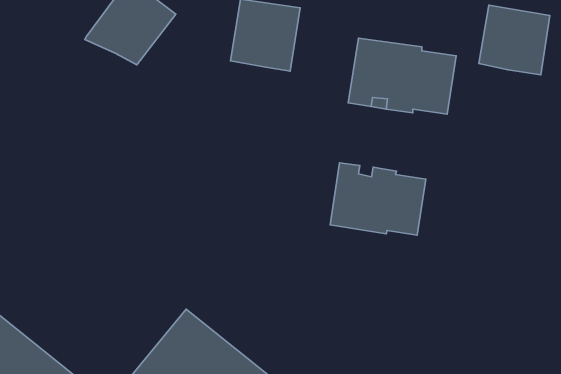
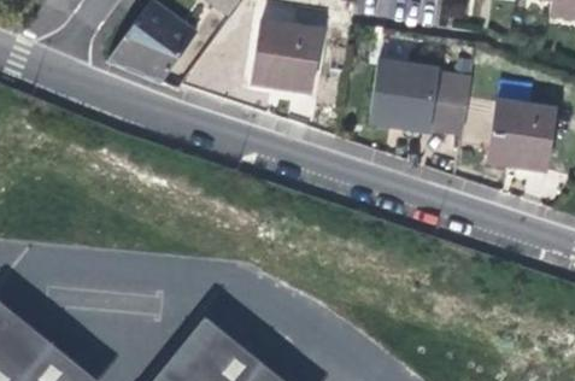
building: [479,5,550,75] -> [483,104,551,170]
building: [330,163,426,235] -> none

